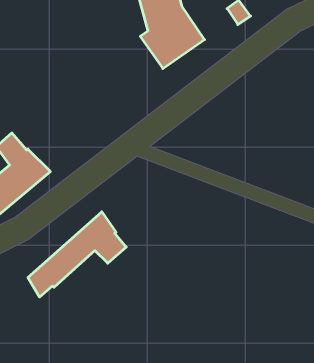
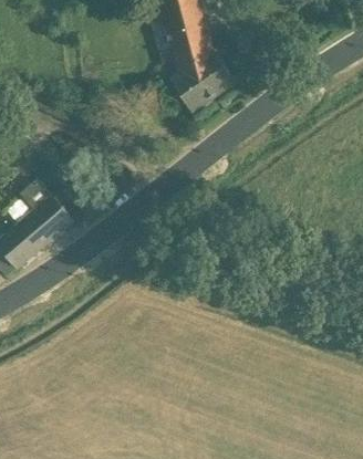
building: [28,212,126,297] -> none

